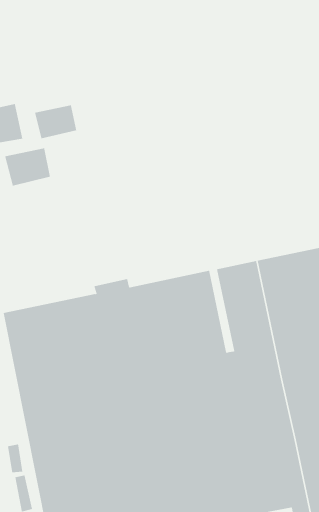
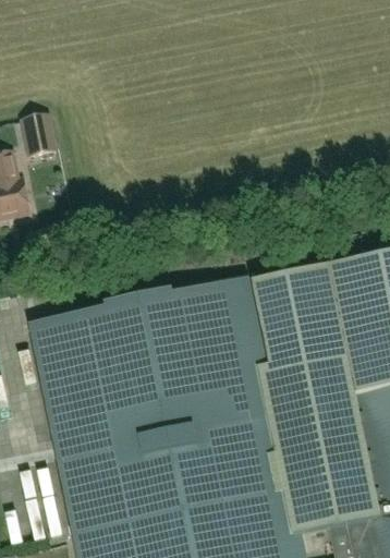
building: [34,104,77,139] -> none
building: [5,148,51,186] -> none

